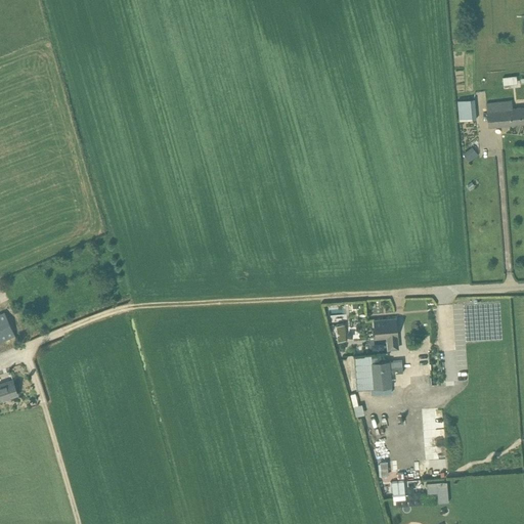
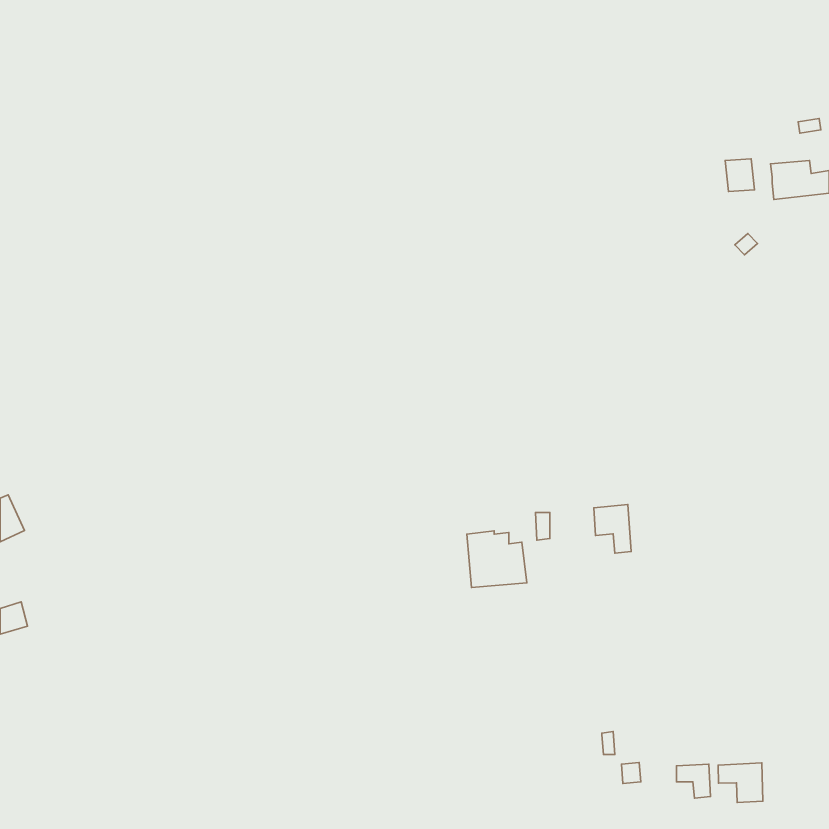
building: [354,354,392,390] -> [467,531,527,588]
building: none -> [718,763,763,803]

